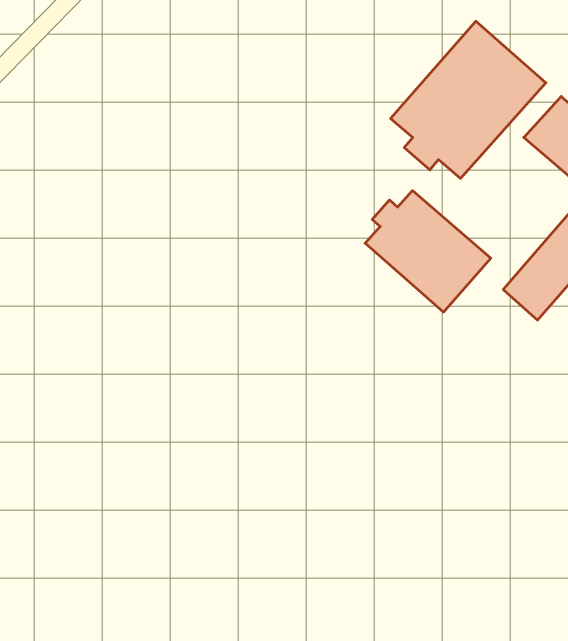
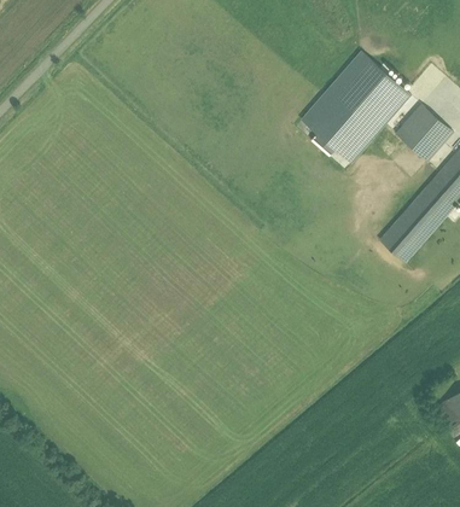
building: [365,191,491,312] -> none

